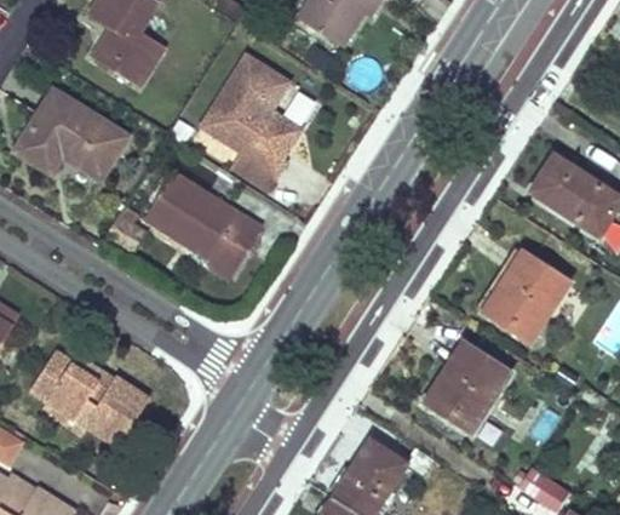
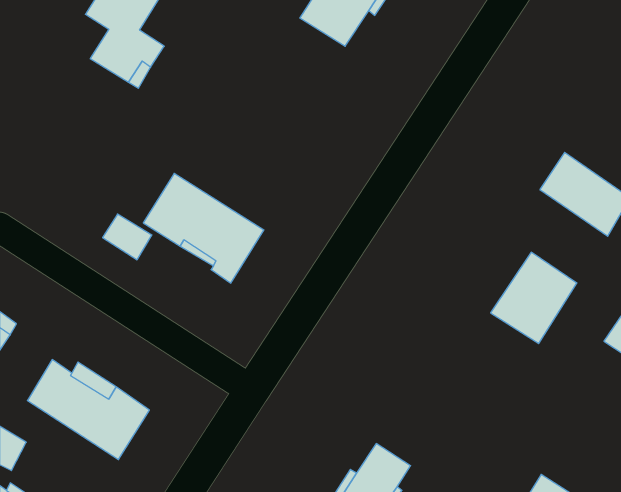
building: [200,55,302,190] -> none
building: [12,95,121,177] -> none
building: [425,338,511,428] -> none

